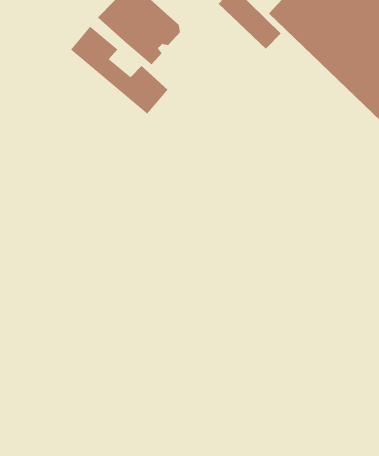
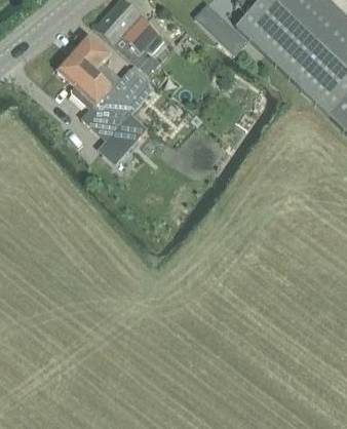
building: none -> [56,55,146,164]

